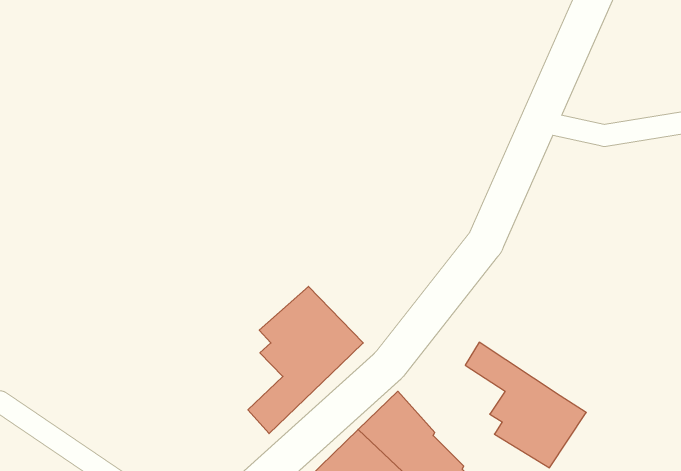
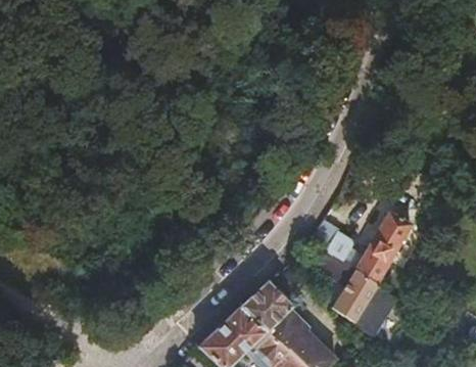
building: [248,286,363,434] -> none
building: none -> [312,213,413,282]

